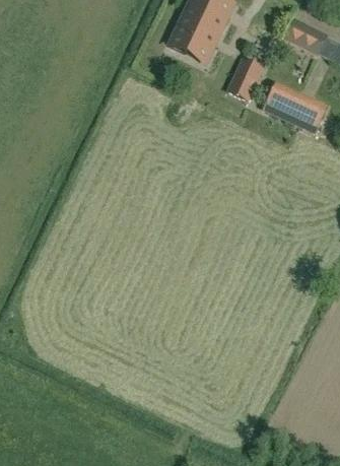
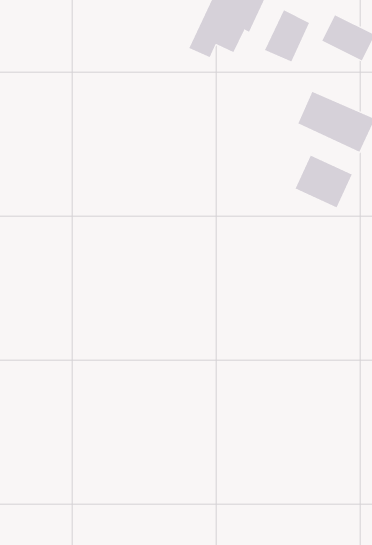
building: [226,55,265,99] -> [264,10,310,62]
building: none -> [295,155,353,208]

